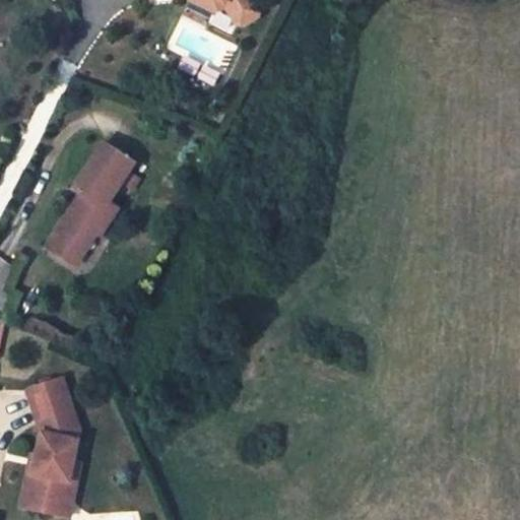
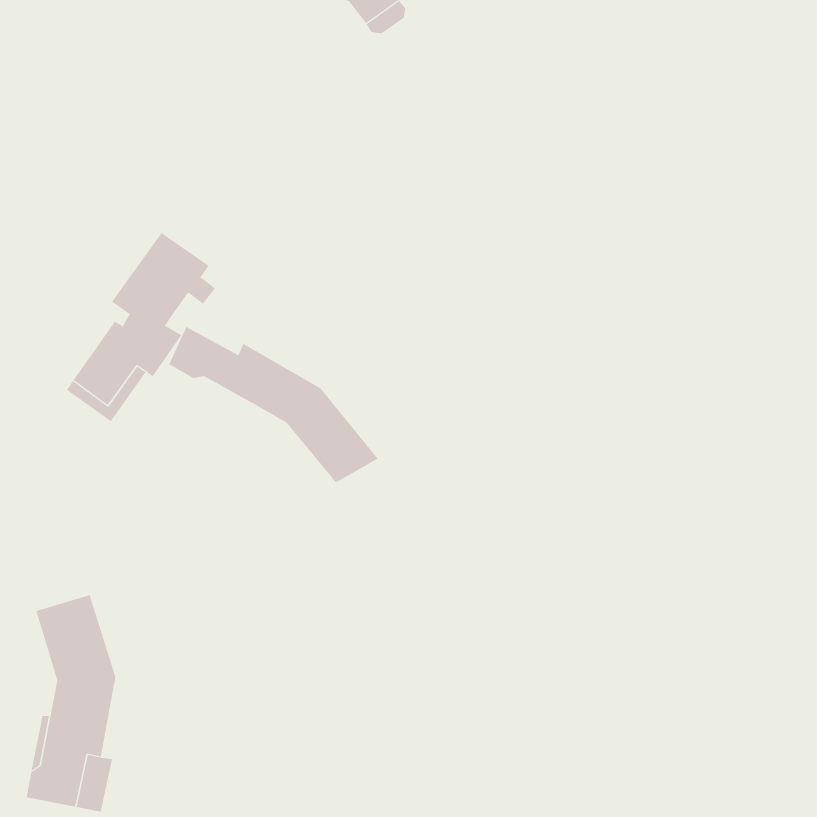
building: none -> [169,326,378,483]

